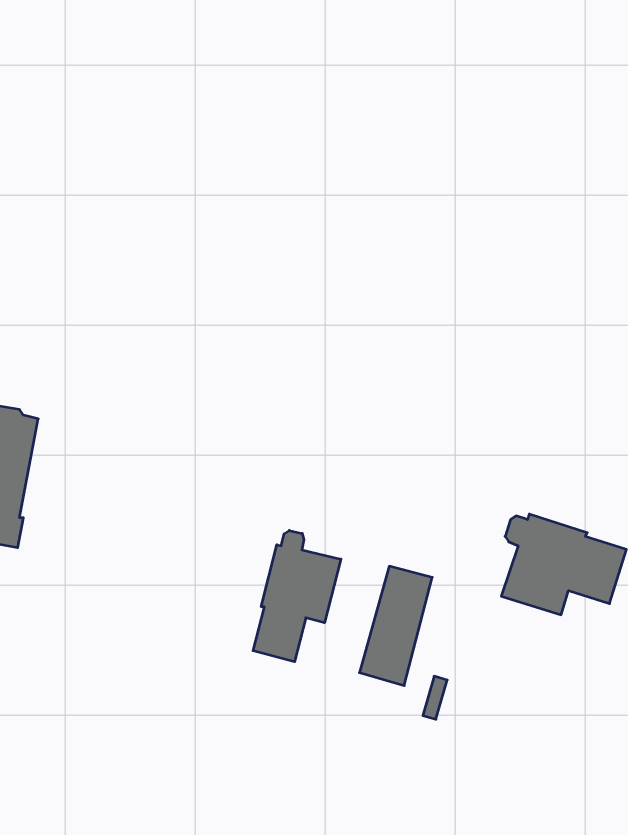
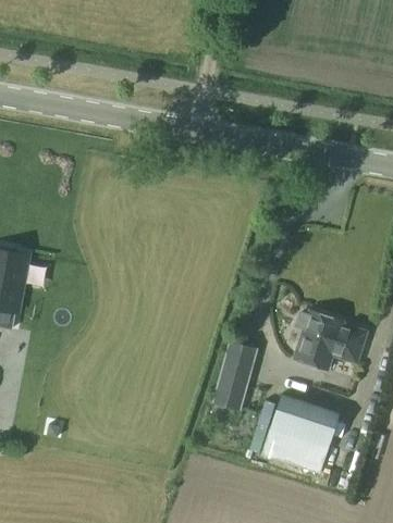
building: [253,530,341,662] -> none
building: none -> [261,396,340,474]

